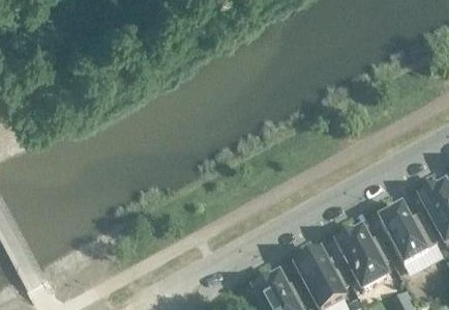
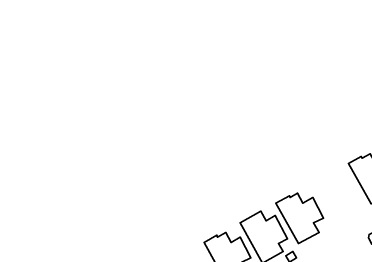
building: [378,204,436,264] -> none

